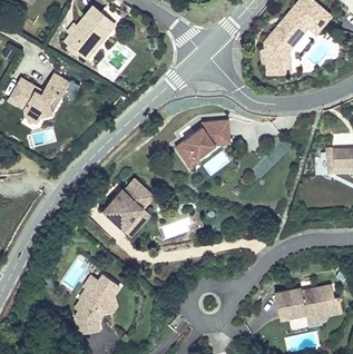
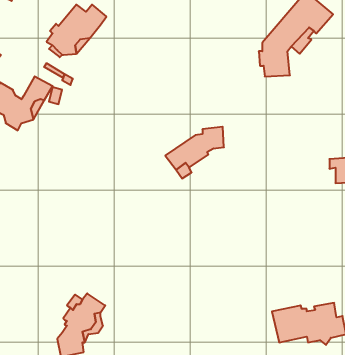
building: [100,180,151,237] -> none

